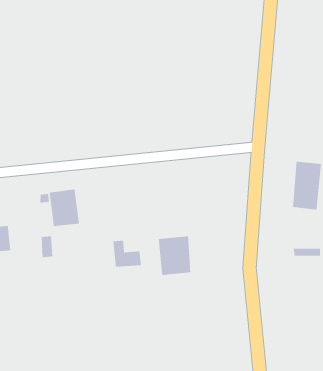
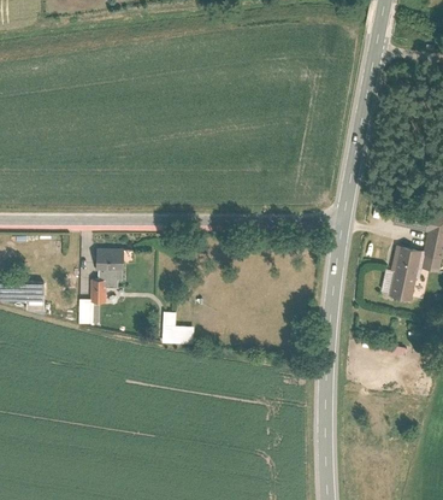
building: [158,235,191,276] -> none

